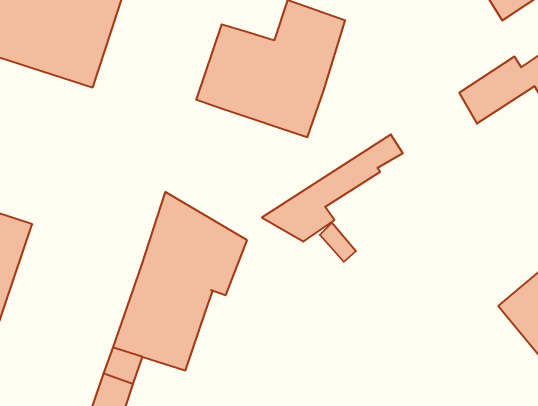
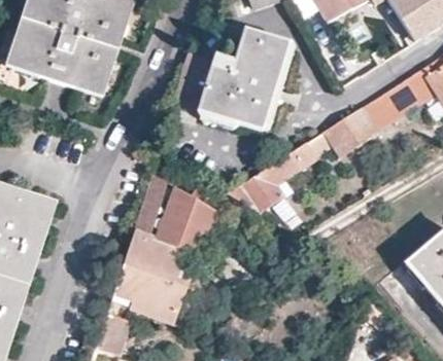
building: none -> [328,98,394,154]

